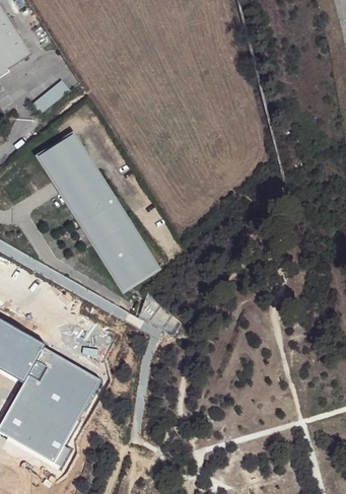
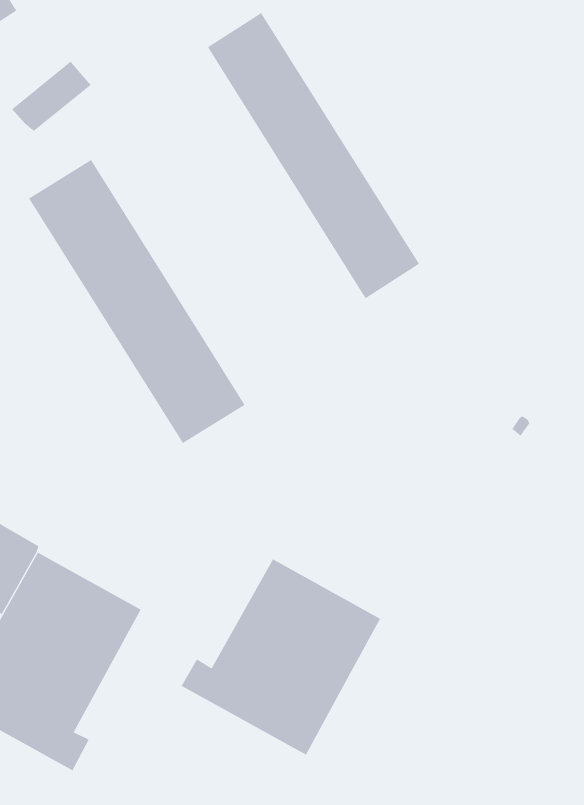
building: none -> [207,12,420,299]
building: none -> [181,559,381,756]

